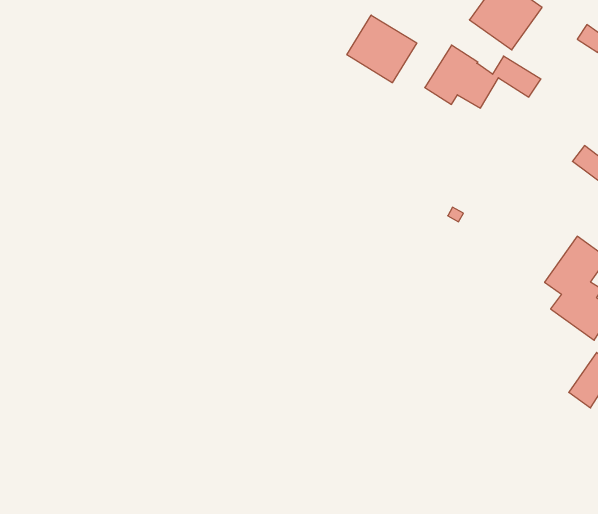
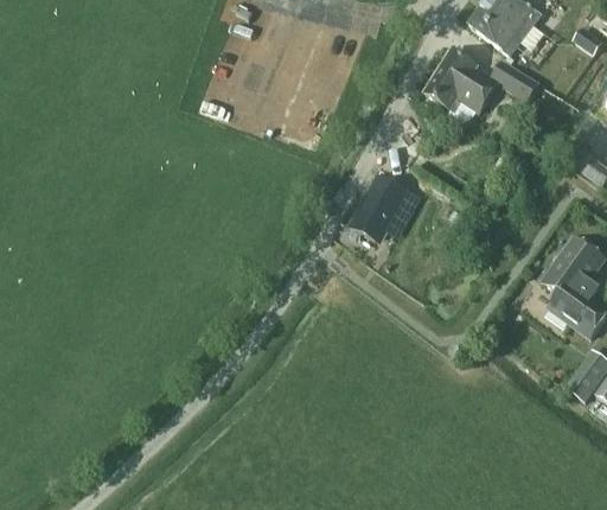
building: [347,15,417,83] -> none
building: none -> [347,172,411,244]

